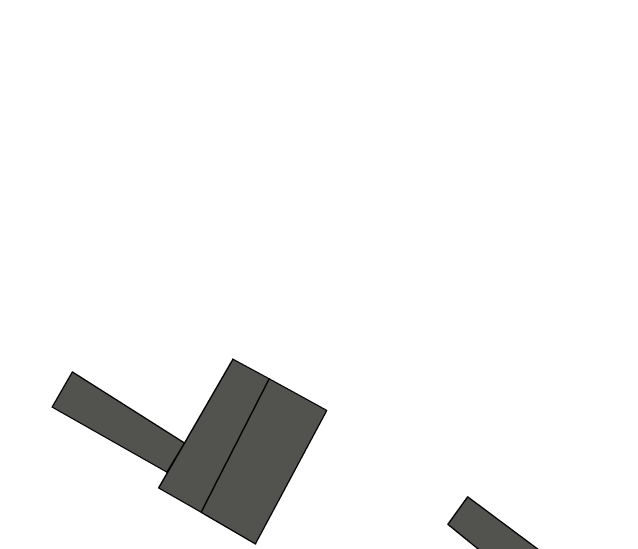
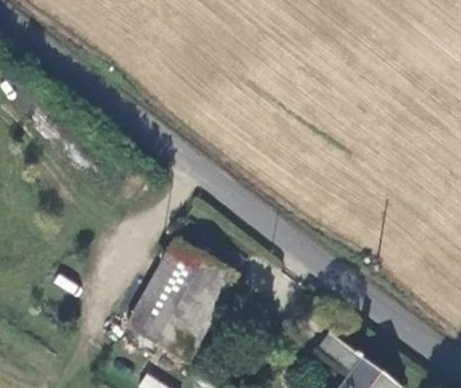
building: [52,372,185,472] -> none

